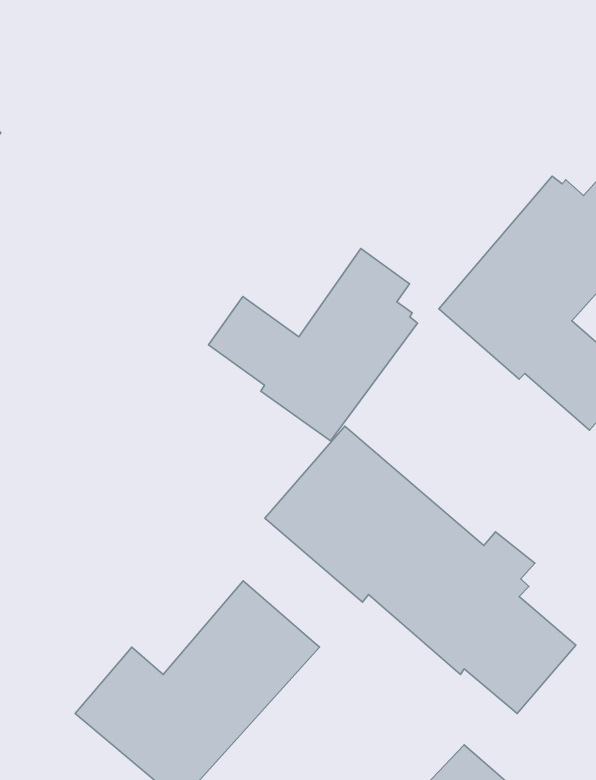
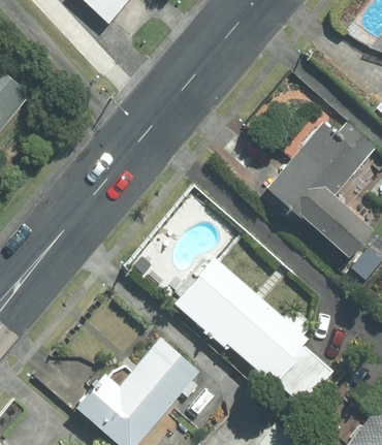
building: [208,248,418,441] -> none

